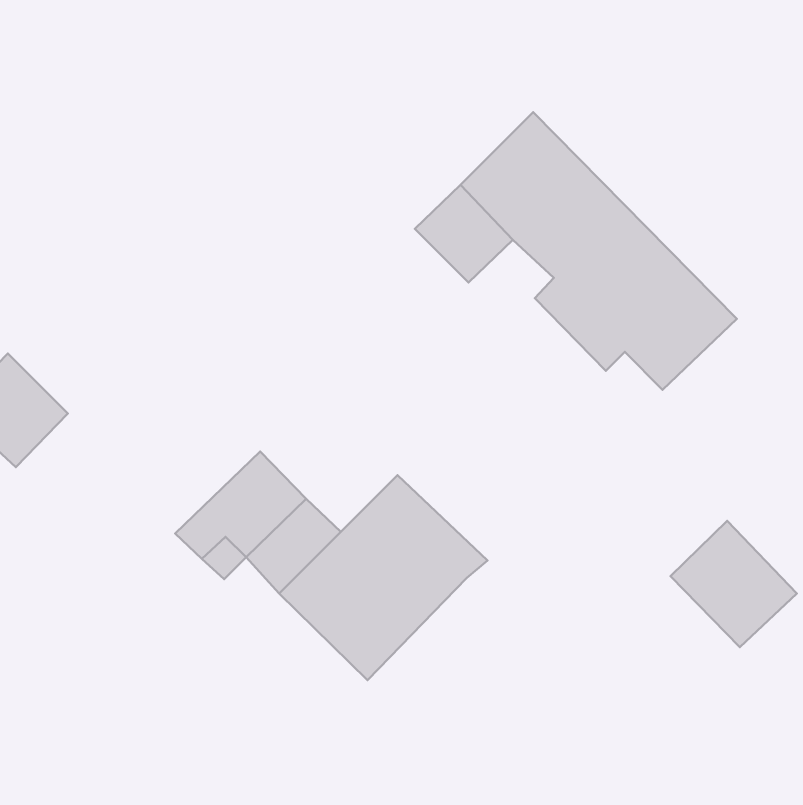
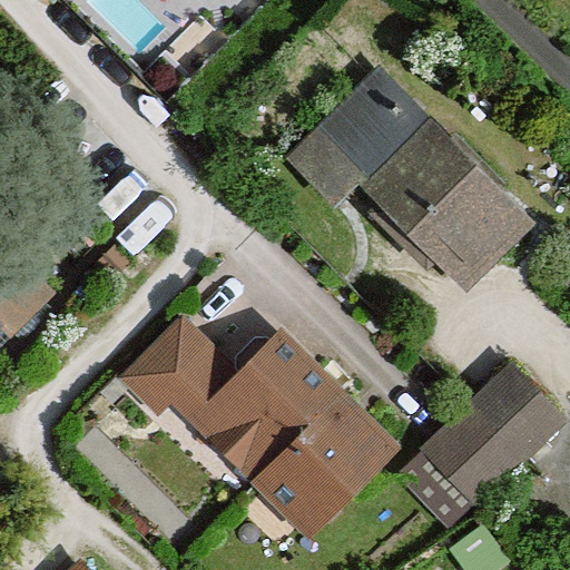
building: none -> [429,406,522,498]
building: none -> [259,407,393,529]

